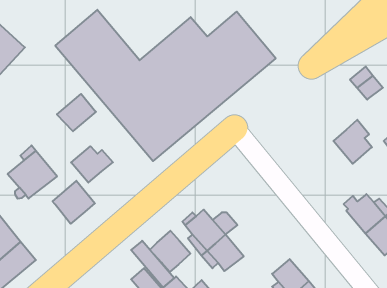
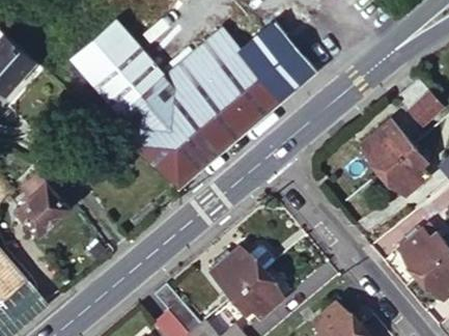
building: none -> [359,115,412,169]
building: [57,94,96,131] -> none
building: [71,146,113,183] -> none
building: [53,181,95,224] -> none
building: [150,231,190,272] -> none

